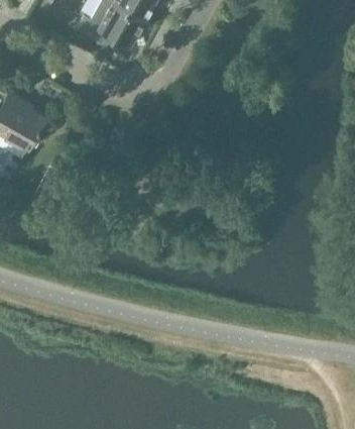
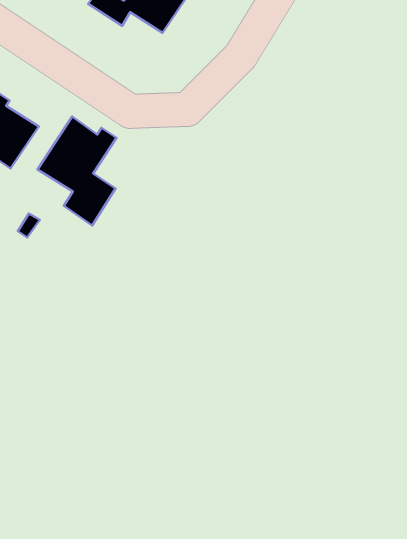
building: none -> [37,117,117,225]

